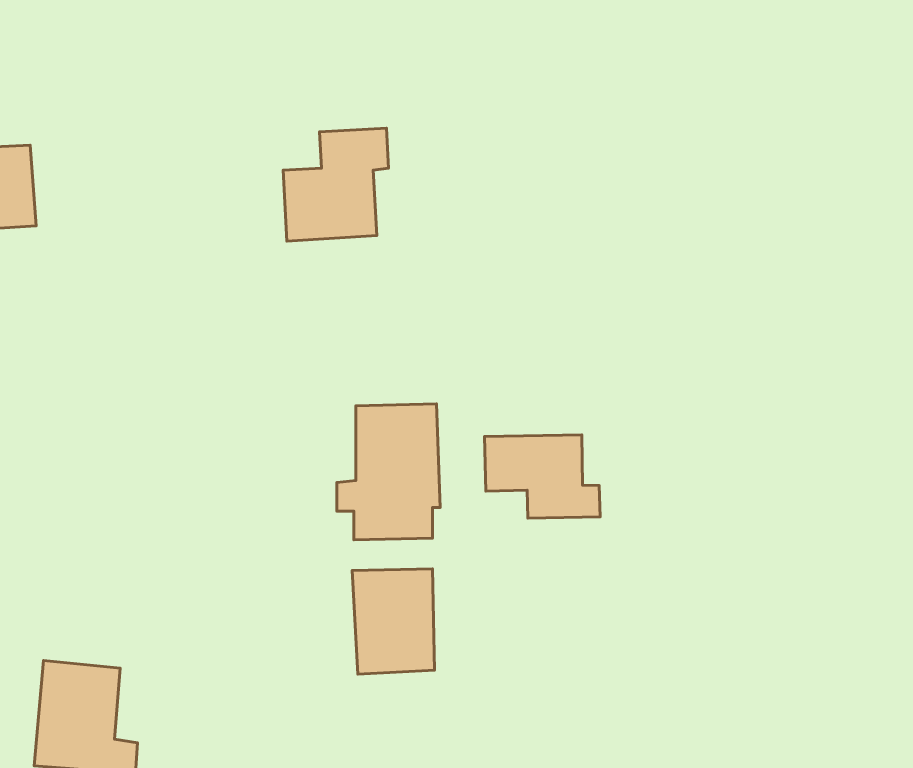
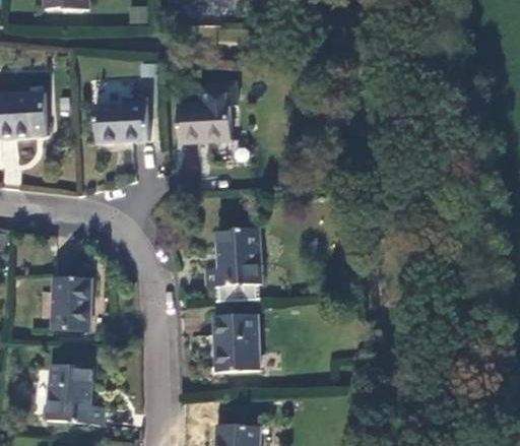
building: none -> [95,104,148,142]
building: [484,435,600,518] -> none
building: none -> [51,278,89,331]

